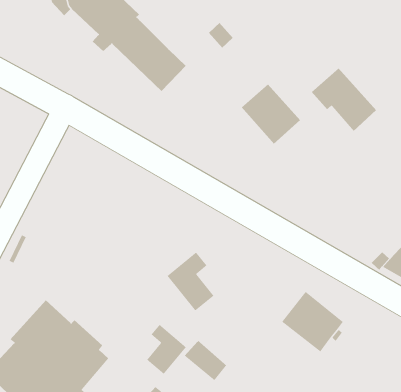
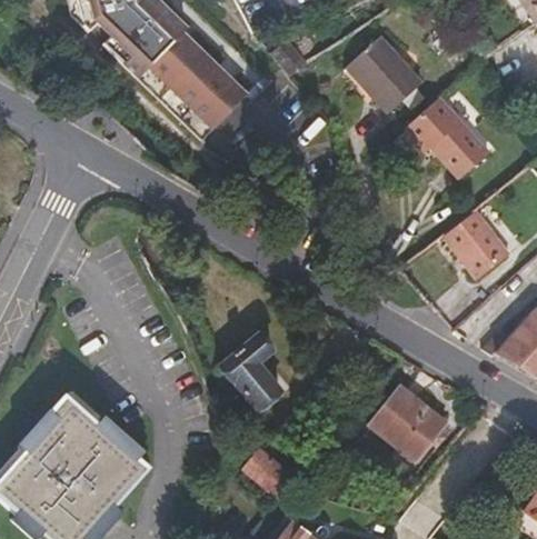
building: [241,84,301,144] -> [346,36,422,113]
building: none -> [442,211,510,280]
building: [146,324,187,375] -> none

